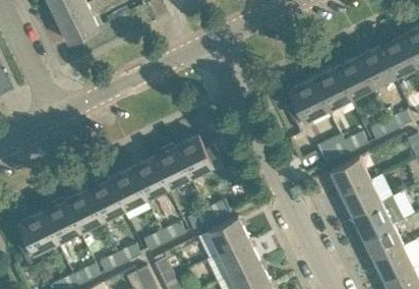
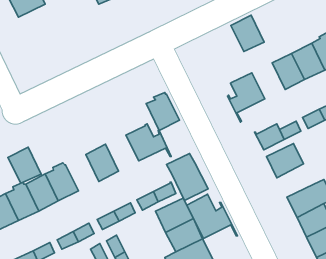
building: [57,5,98,43] -> none
building: [313,69,350,109] -> [231,15,264,51]
building: [153,147,189,188] -> [146,92,180,130]
building: none -> [166,153,208,201]
building: [109,170,145,210] -> [8,147,41,183]
building: [341,180,381,217] -> none
building: none -> [187,194,237,239]

